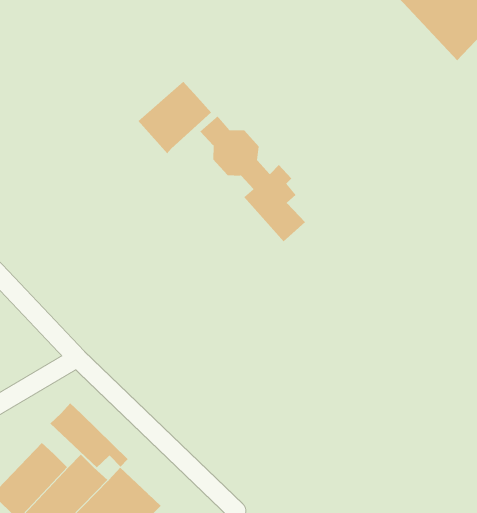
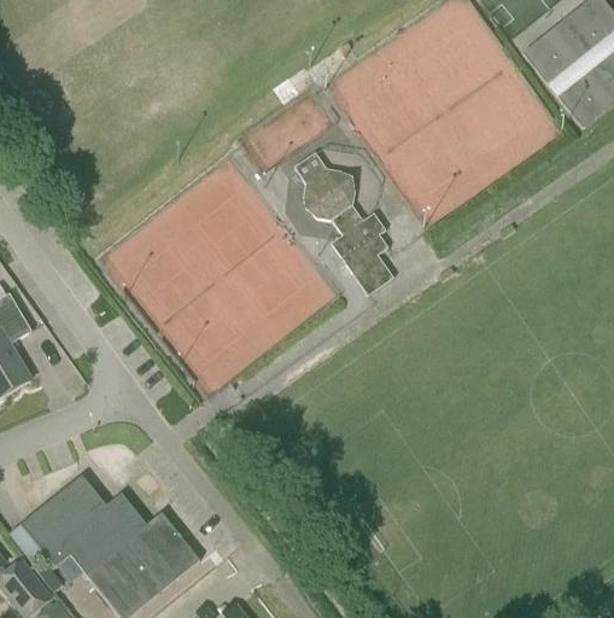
building: [137,81,212,154] -> none
building: [50,403,128,468] -> none

